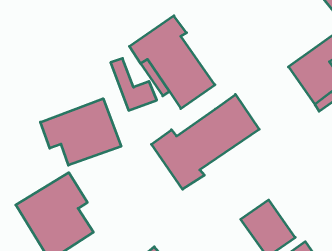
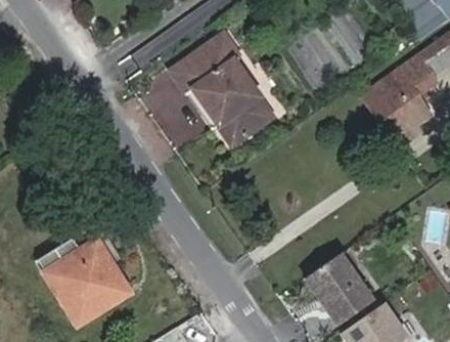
building: [151,94,259,189] -> none
building: [40,99,121,165] -> none

